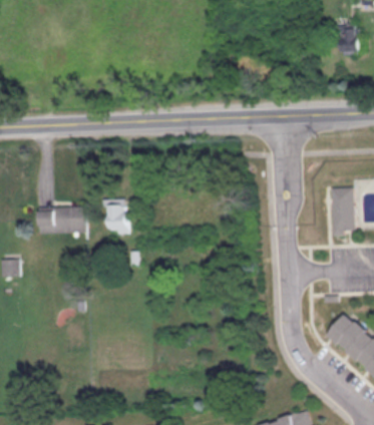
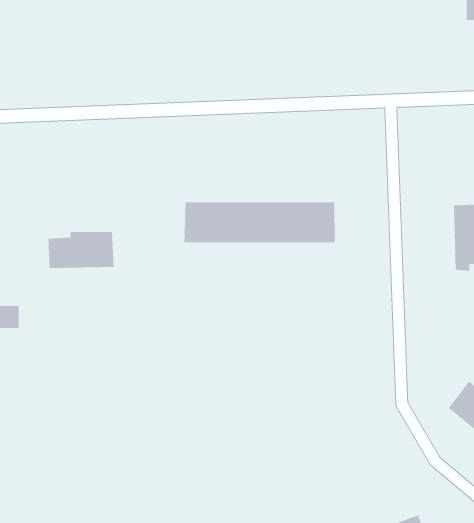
building: none -> [183,202,336,243]
building: [104,198,127,233] -> none

